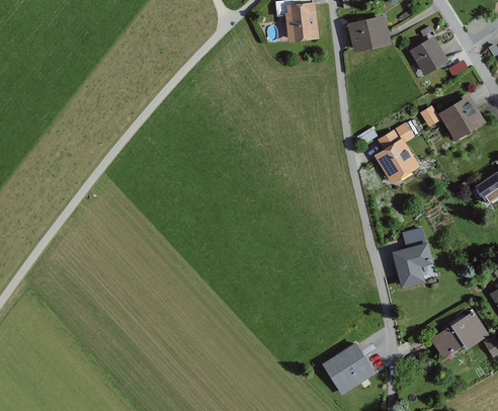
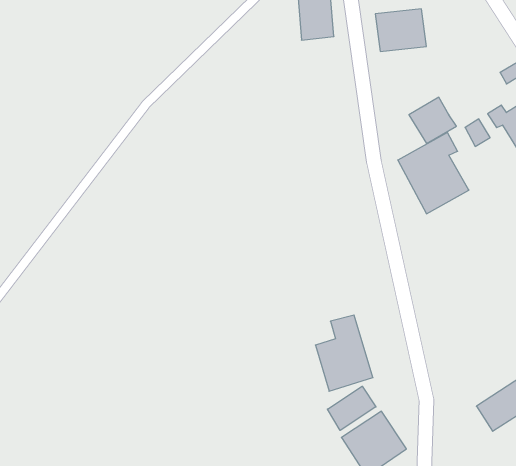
building: [408,37,446,75] -> [409,97,456,144]
building: [389,228,435,290] -> [315,315,373,391]
building: none -> [327,386,376,430]

